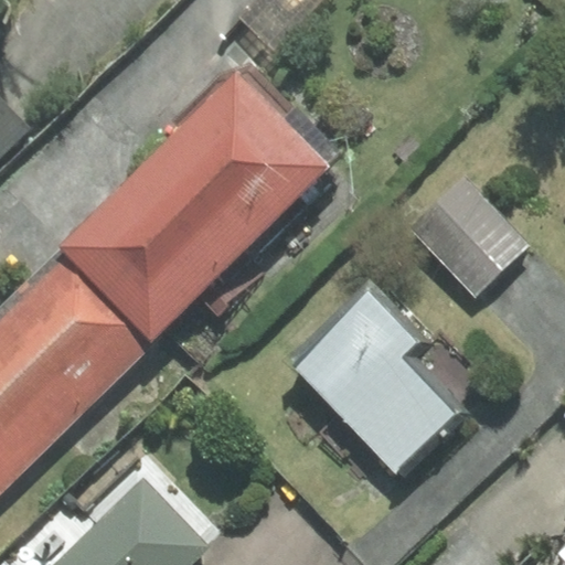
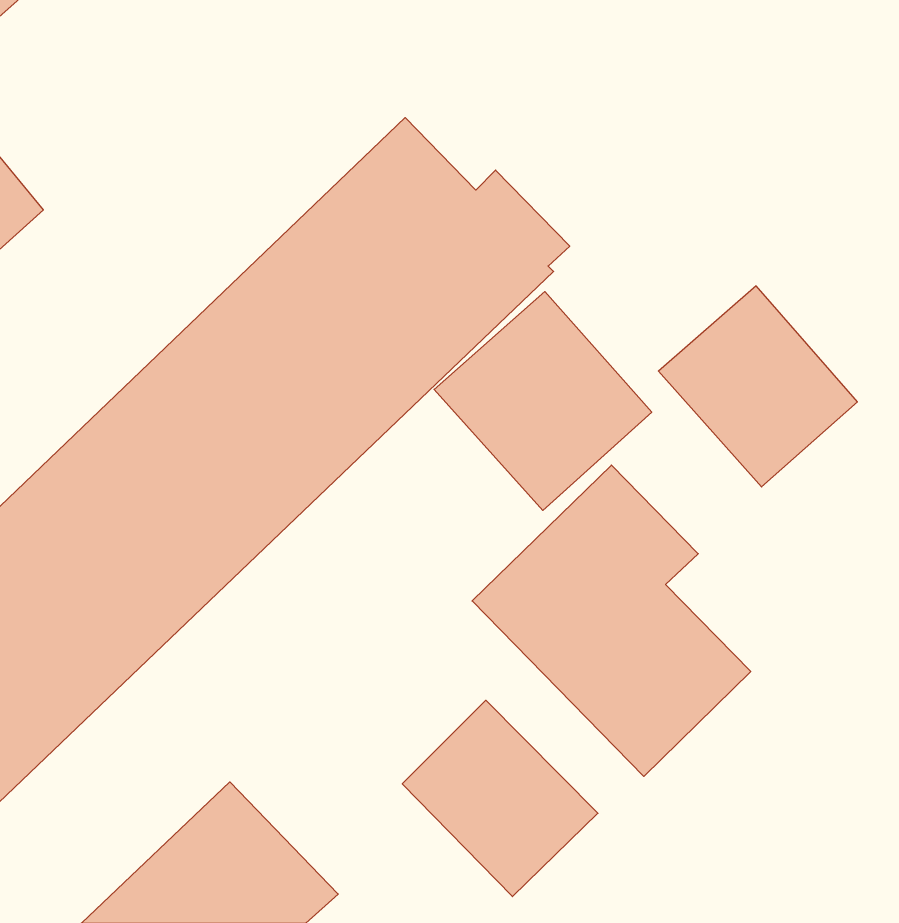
building: none -> [434,292,652,510]
building: none -> [402,700,598,897]

